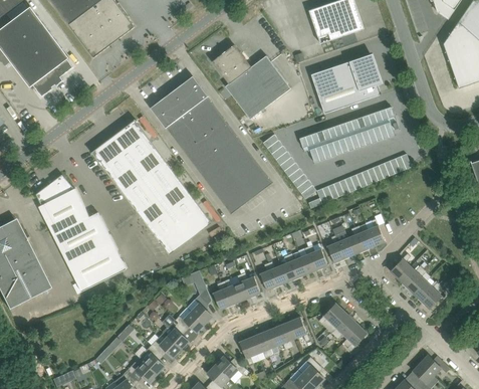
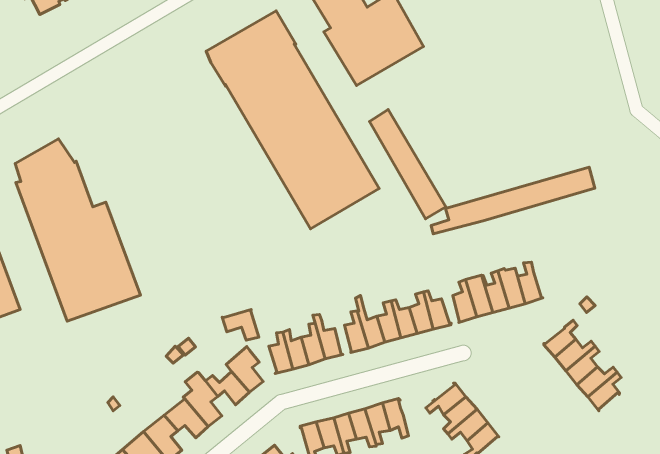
building: [310,54,381,114] -> none
building: [299,107,396,163] -> none
building: [92,120,211,254] -> none

